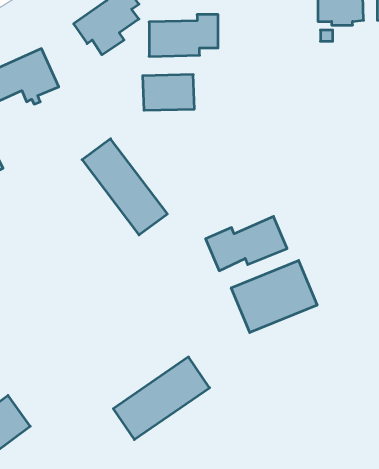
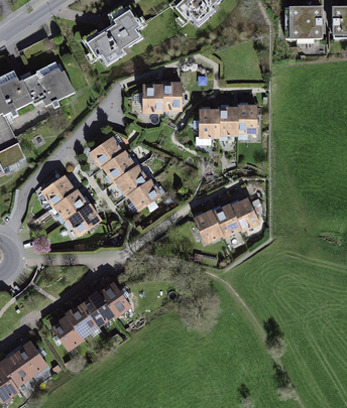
building: [149,15,218,56] -> [199,102,255,136]
building: none -> [43,175,100,237]
building: [231,260,317,333] -> none
building: [113,357,210,440] -> [52,283,131,351]

